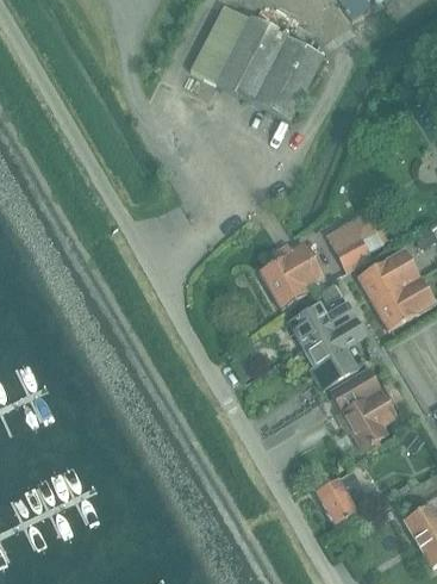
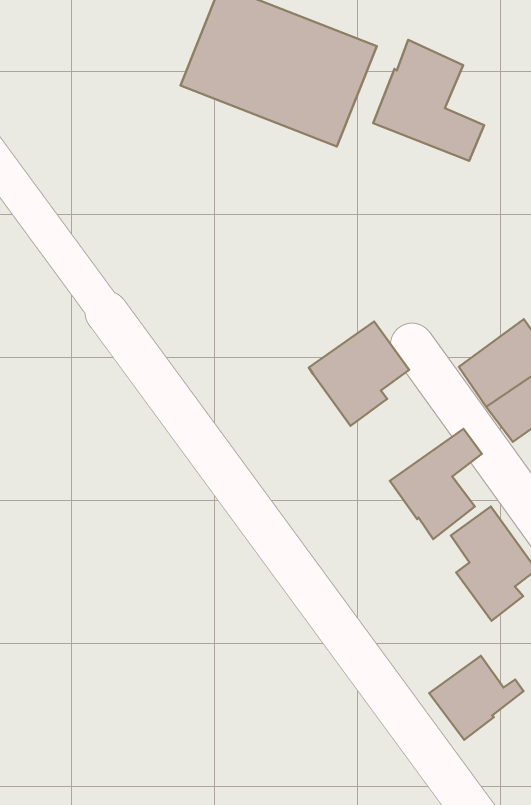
building: none -> [373,40,484,161]
building: [330,226,380,269] -> none
building: [289,303,356,347] -> none

